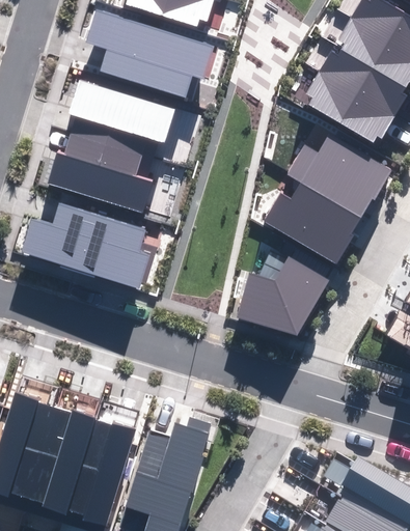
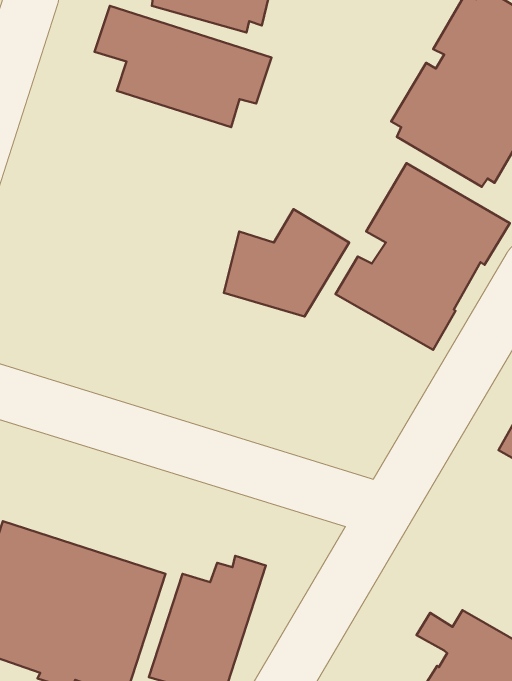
building: [48,81,175,213] -> none
building: [21,202,149,288] -> none
building: [237,256,330,336] -> [224,209,349,316]

